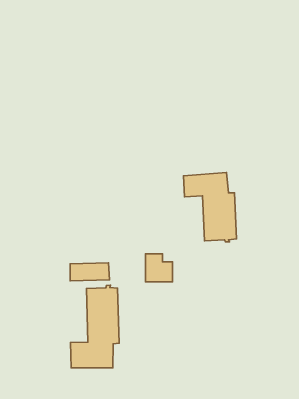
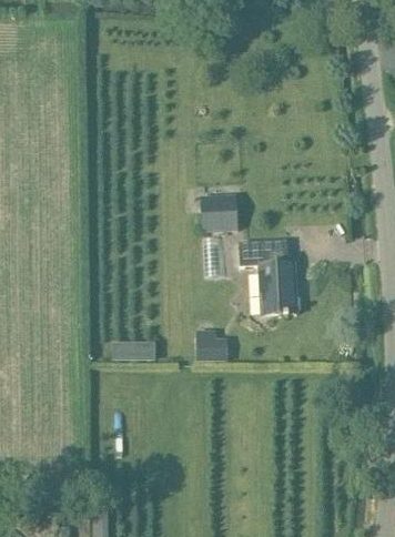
building: none -> [203,196,239,231]
building: [71,285,119,368] -> none

